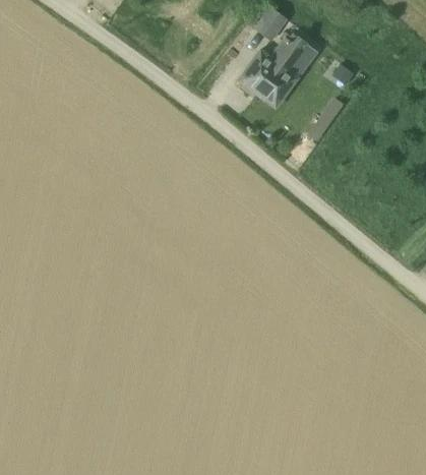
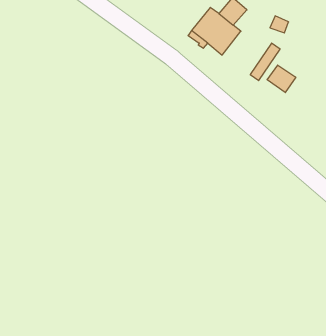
building: none -> [267,65,296,93]

